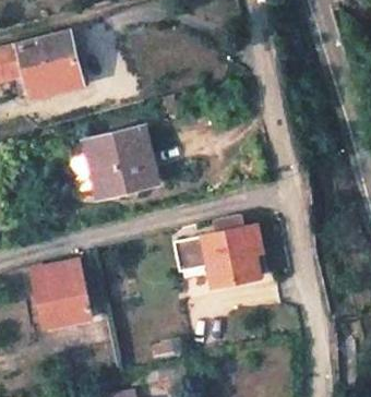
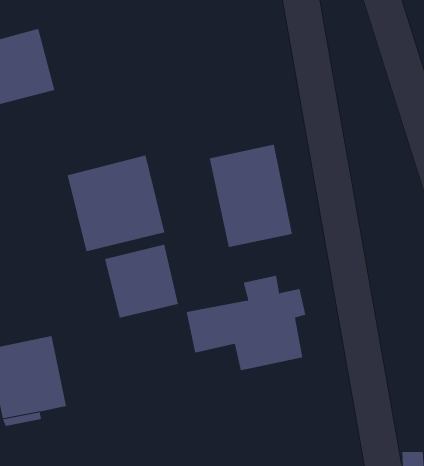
building: none -> [209,144,293,248]
building: none -> [104,244,179,319]

